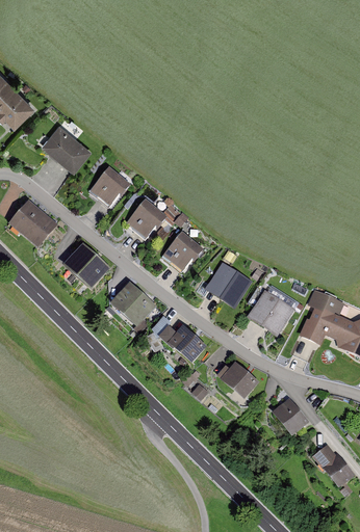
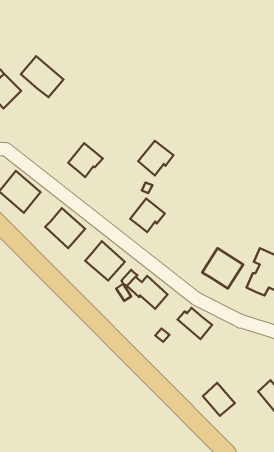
building: [42,124,92,171] -> [21,56,64,97]
building: [125,200,166,240] -> [138,141,174,176]
building: [205,262,251,305] -> none
building: [272,398,309,436] -> [203,383,235,416]

